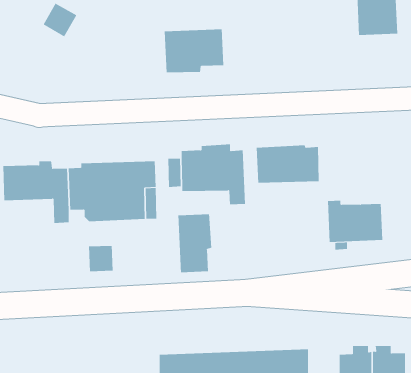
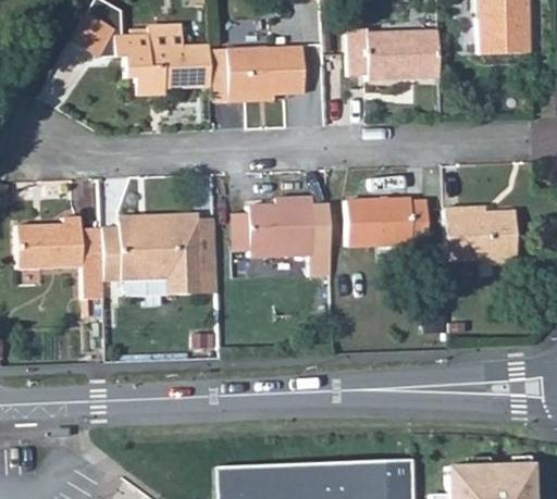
building: none -> [113,24,210,96]
building: none -> [346,29,440,79]
building: [327,200,383,243] -> [444,205,517,261]
building: [178,213,212,273] -> none
building: [88,245,113,272] -> none

